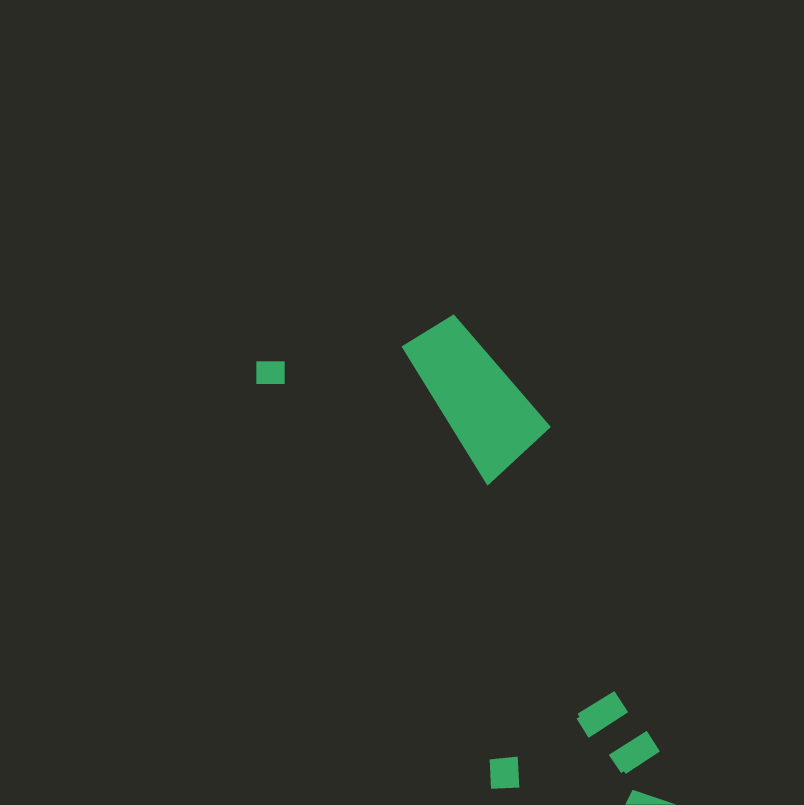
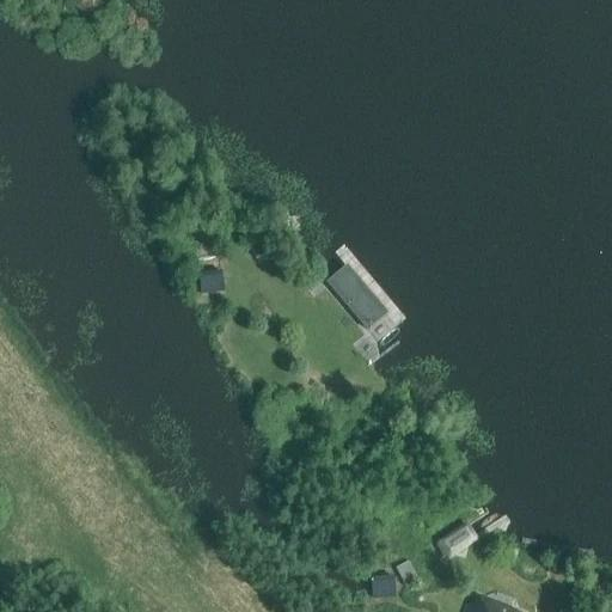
building: [608,730,661,775] -> none

